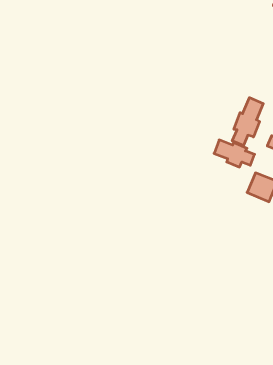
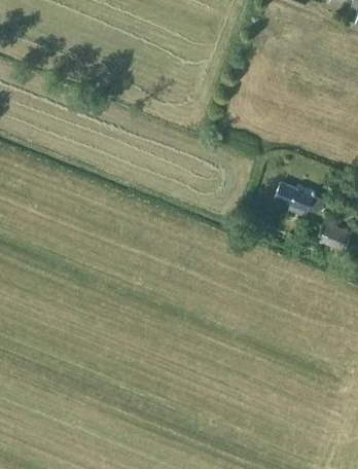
building: [232,98,263,146] -> none

